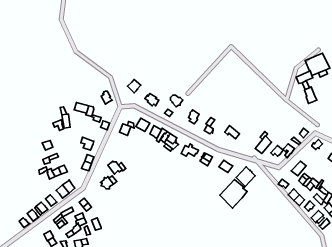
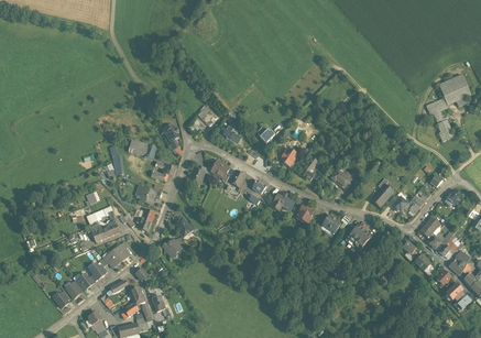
building: [220,179,247,208] -> none

